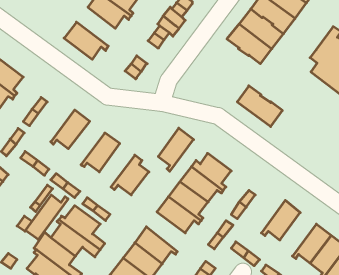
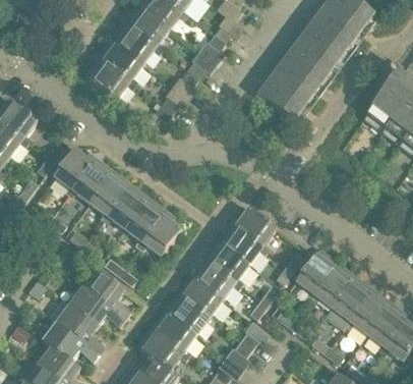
building: none -> [99,39,143,84]
building: [237,86,282,127] -> [258,75,310,122]
building: none -> [54,148,97,194]
building: none -> [90,170,131,220]
building: [158,128,194,171] -> [125,196,166,245]
building: none -> [296,248,339,298]
building: [26,195,68,239] -> none
building: none -> [179,274,224,320]
building: none -> [326,275,374,329]

